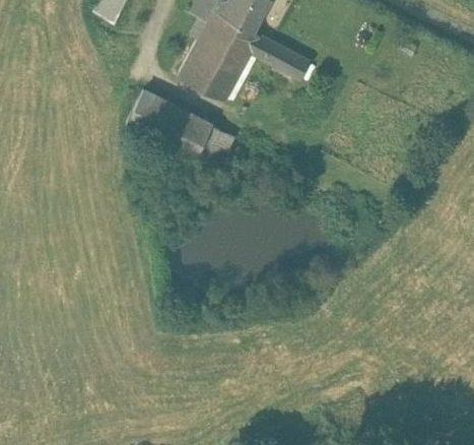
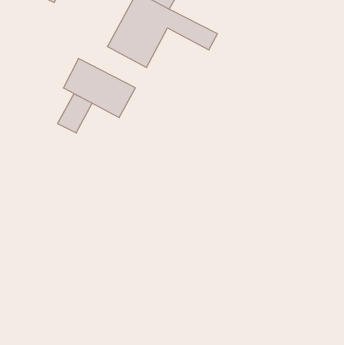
building: [193,125,234,172] -> [58,94,92,133]

